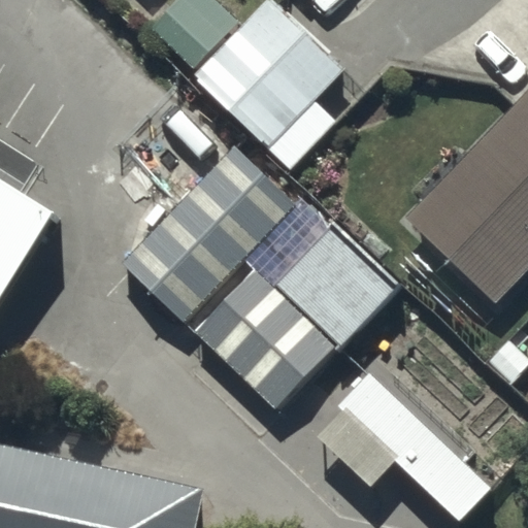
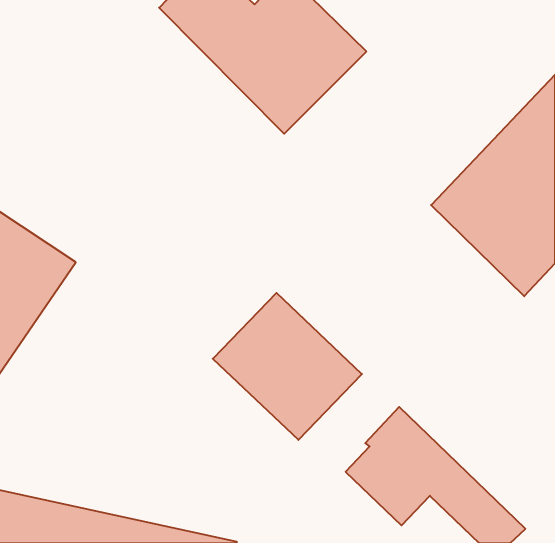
building: [126,151,300,327] -> none
building: [280,232,407,358] -> none

